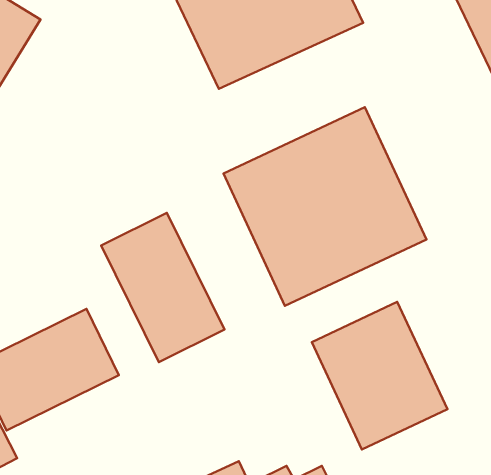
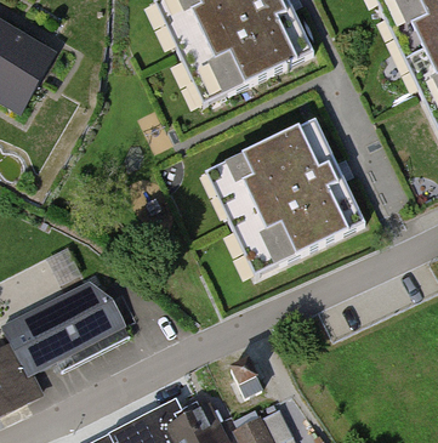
building: [101,213,224,362] -> none
building: [312,302,447,449] -> none

